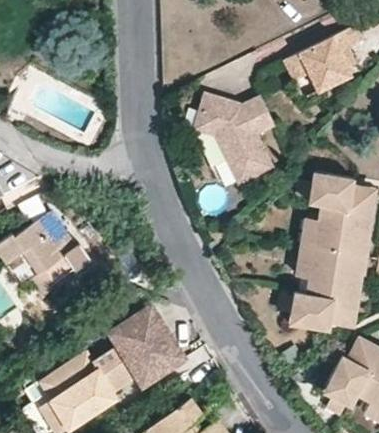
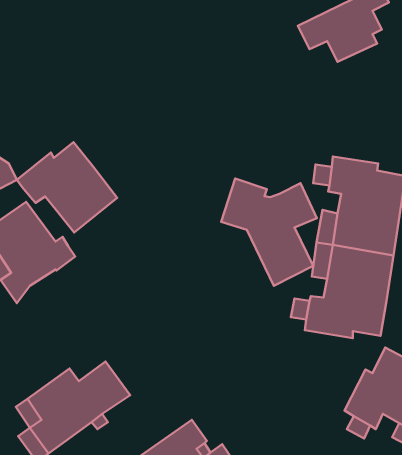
building: [193,92,275,184] -> [221,179,317,286]
building: none -> [17,142,117,232]
building: [109,309,188,386] -> none

